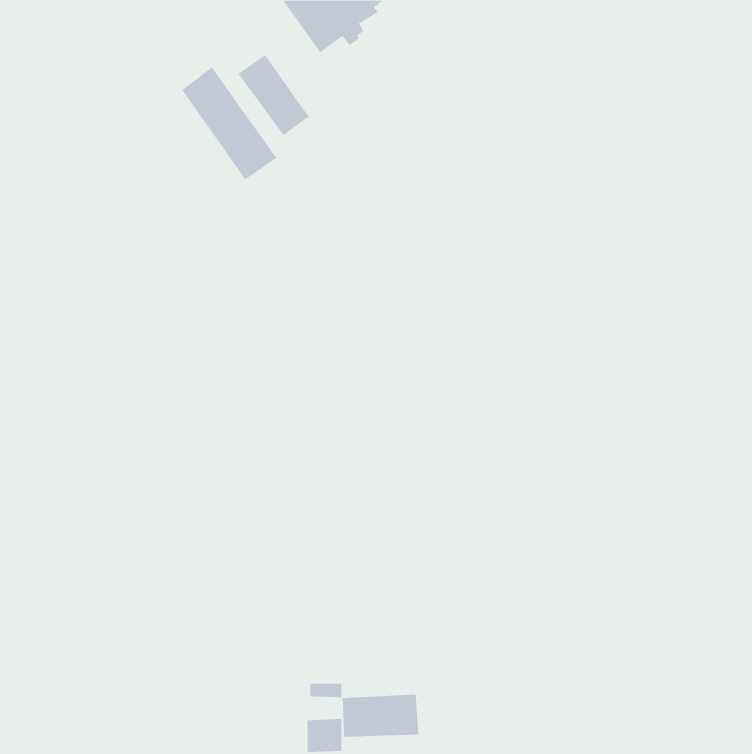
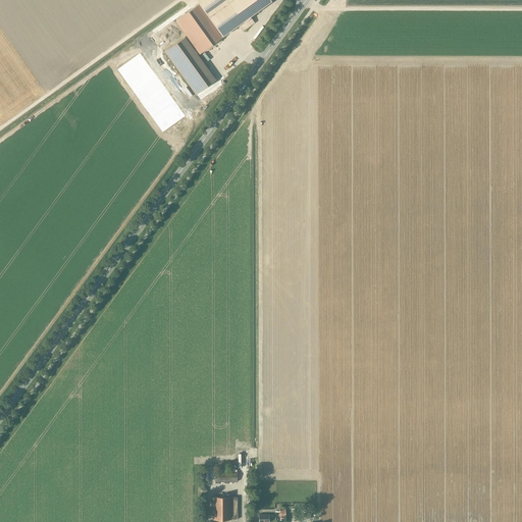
building: none -> [175,4,221,54]
building: [342,694,419,737] -> none

